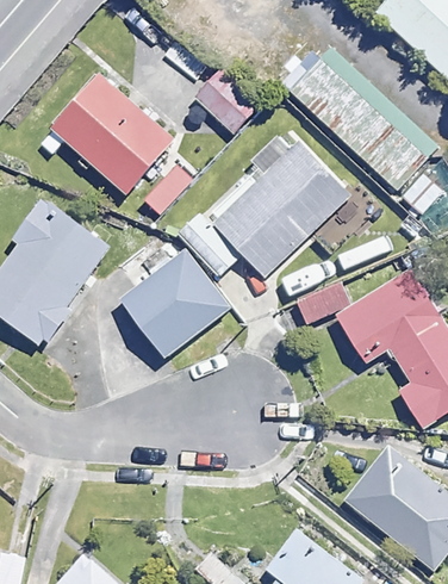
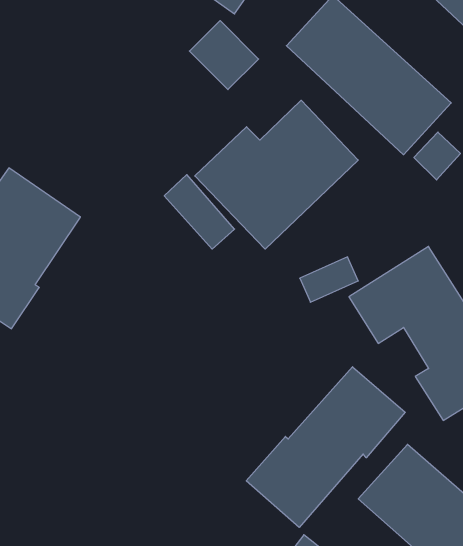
building: [49,72,173,193] -> none
building: [125,253,242,358] -> none
building: none -> [246,367,405,527]

